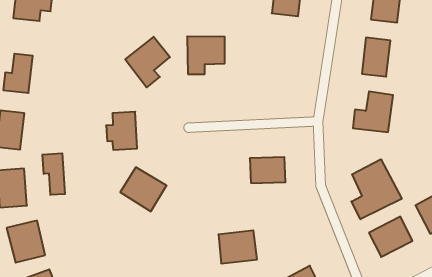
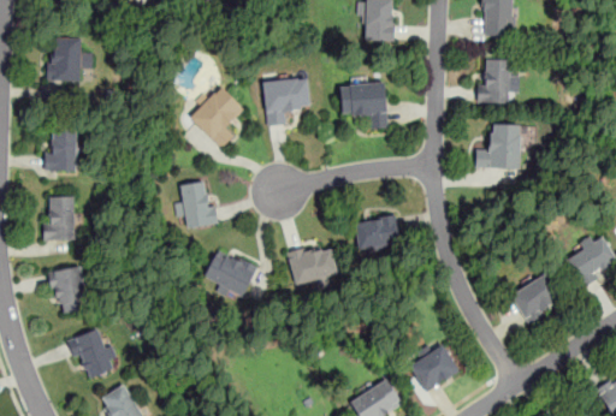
building: none -> [339,81,387,130]
building: [42,153,65,195] -> none
building: [351,159,402,219] -> none
building: [218,230,257,263] -> [288,243,338,287]

